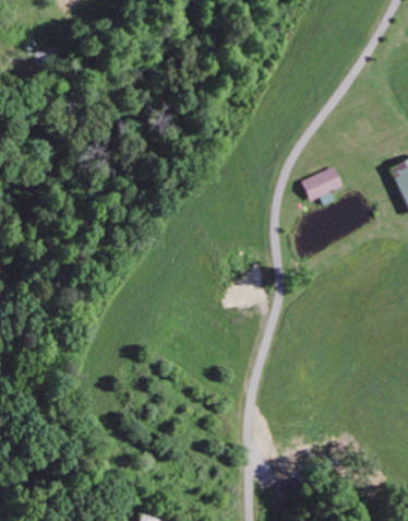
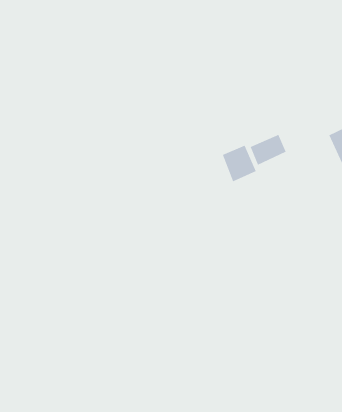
building: none -> [222,145,257,182]

